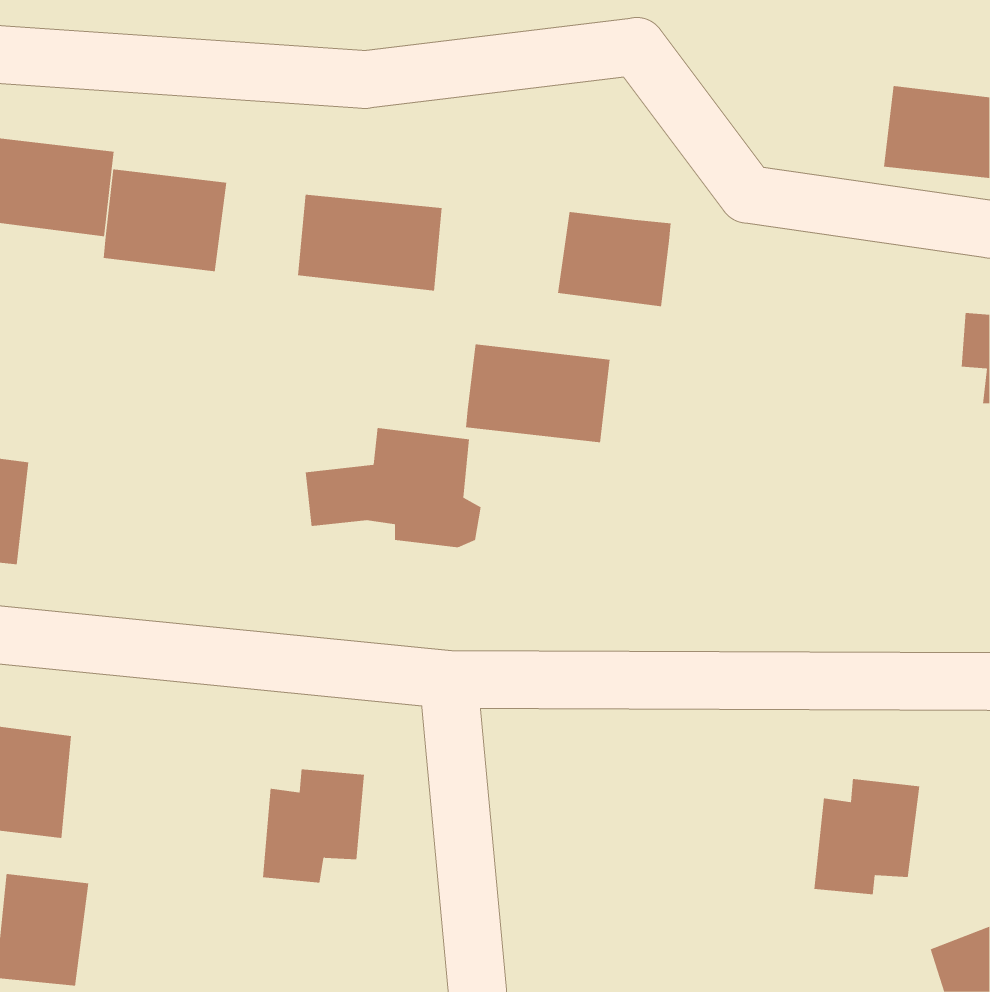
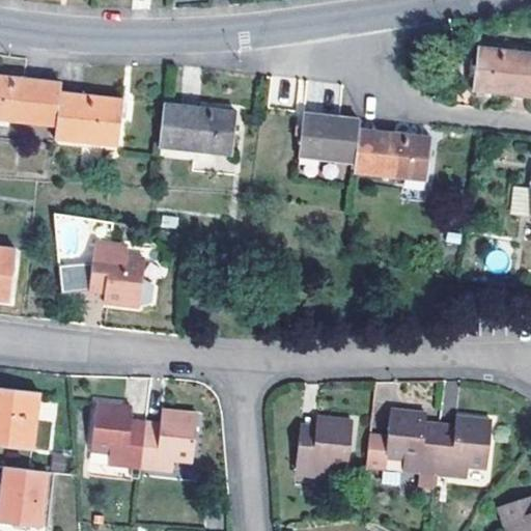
building: [465,344,611,443] -> [353,129,430,181]
building: [305,427,482,548] -> [56,241,150,305]
building: none -> [91,403,144,469]
building: none -> [385,410,440,475]
building: none -> [296,418,353,478]

